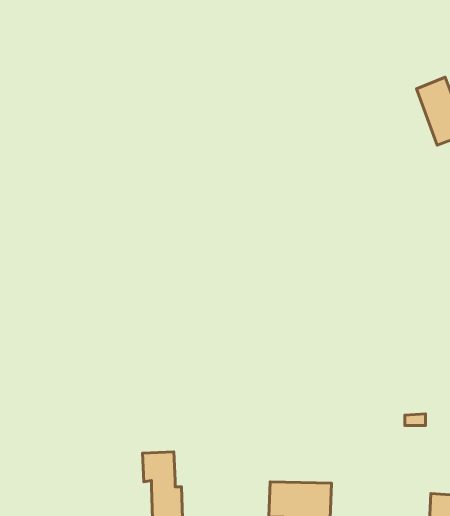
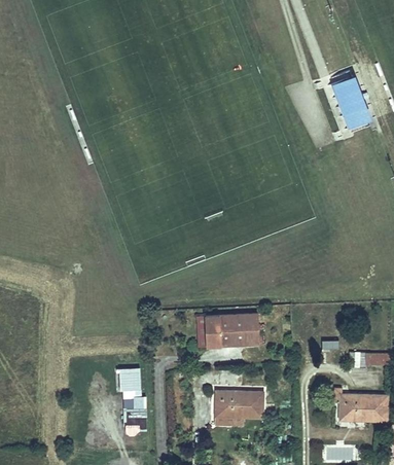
building: none -> [194,311,259,350]

